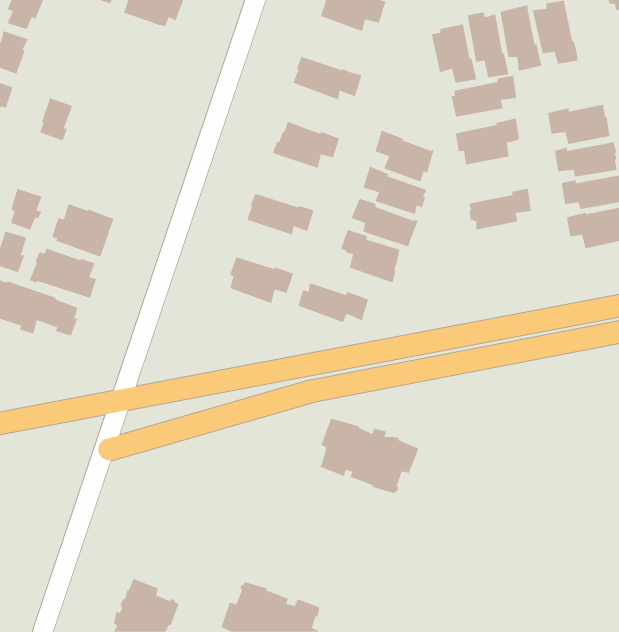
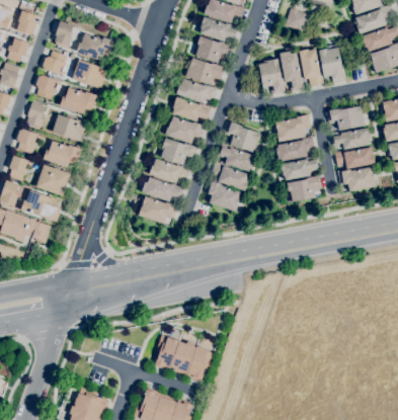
building: none -> [43,50,67,74]
building: none -> [185,57,225,84]
building: none -> [72,58,106,87]
building: none -> [35,75,57,99]
building: none -> [60,87,98,113]
building: [451,75,517,117] -> [275,136,315,161]
building: none -> [172,96,212,121]
building: none -> [52,113,87,142]
building: none -> [16,129,37,154]
building: none -> [160,138,197,165]
building: none -> [43,141,82,167]
building: none -> [287,174,322,201]
building: [297,282,369,323] -> [142,177,184,201]
building: [319,417,420,494] -> [155,335,215,381]

